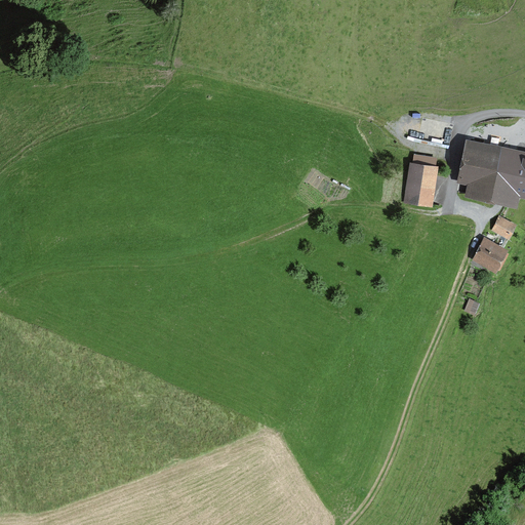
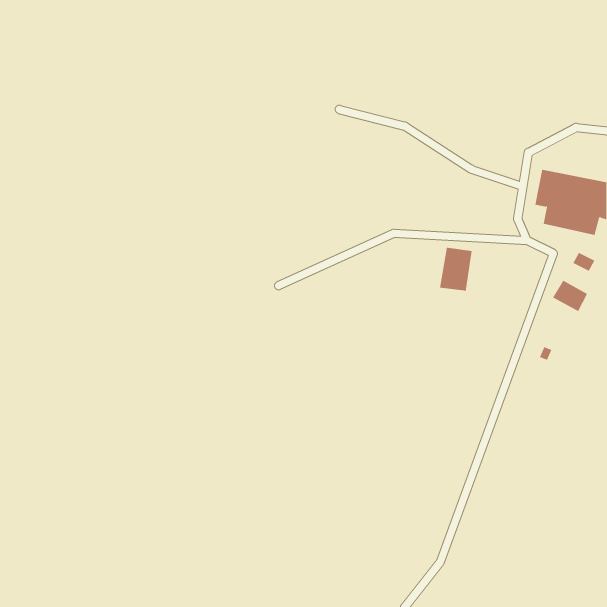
building: [405,164,434,202] -> [439,247,472,291]

